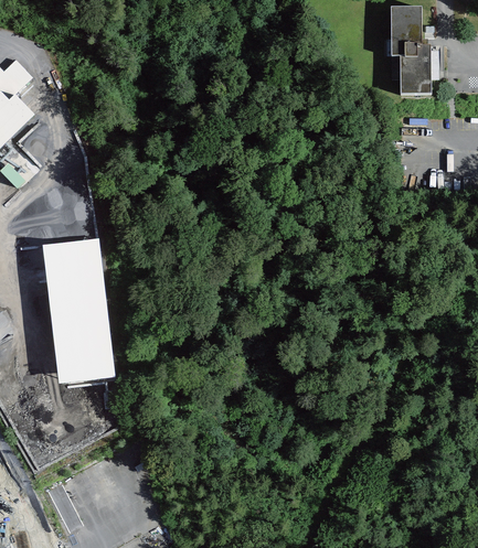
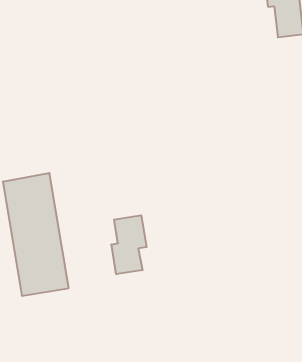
building: none -> [111,215,147,274]

